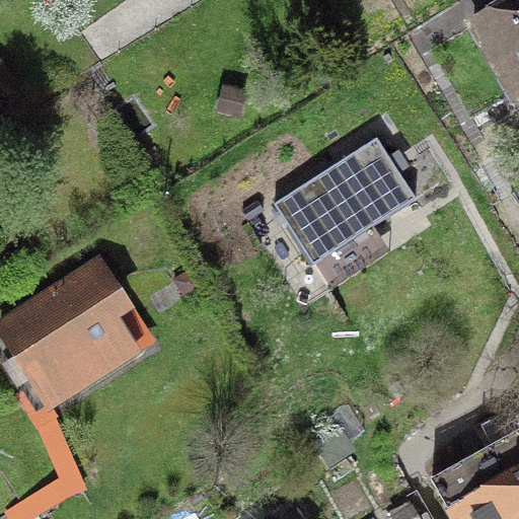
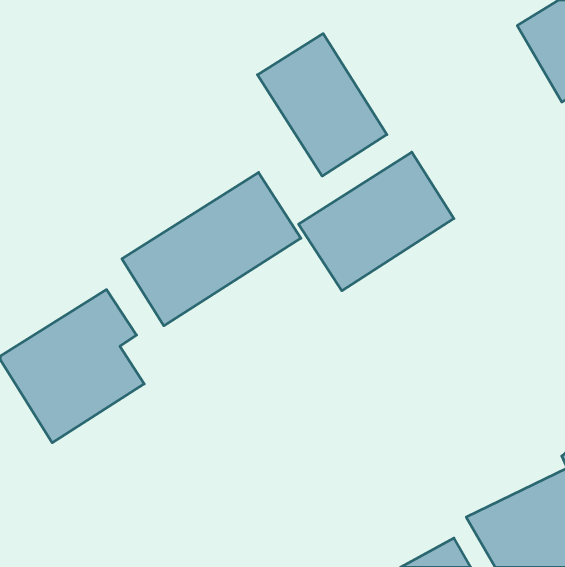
building: none -> [257,34,387,176]
building: none -> [122,172,301,326]

